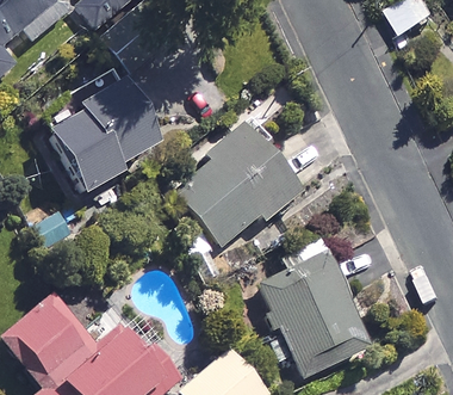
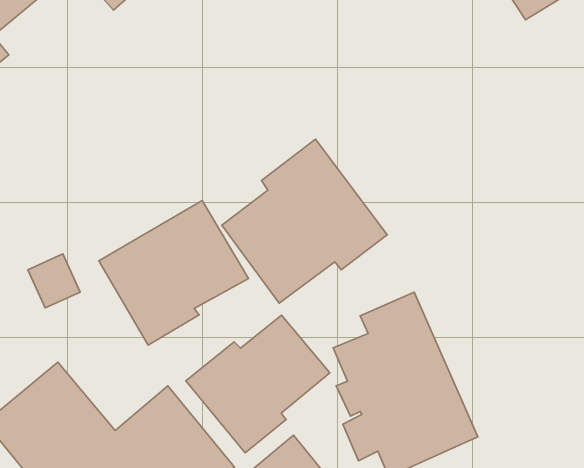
building: [50,88,162,197] -> [99,200,248,345]
building: none -> [186,315,330,453]

